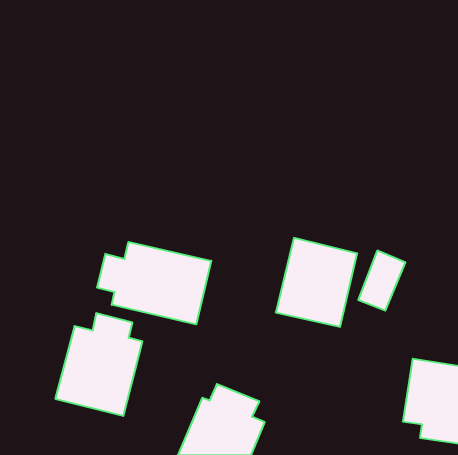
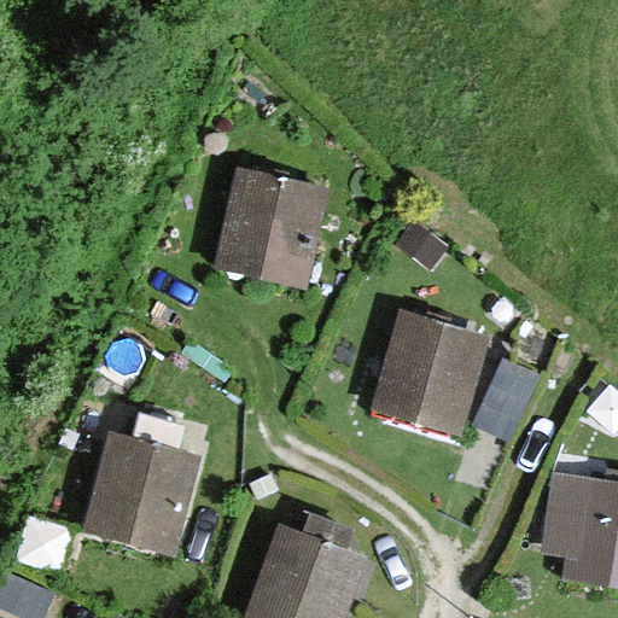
building: none -> [218,171,330,290]
building: [97,242,211,324] -> none

